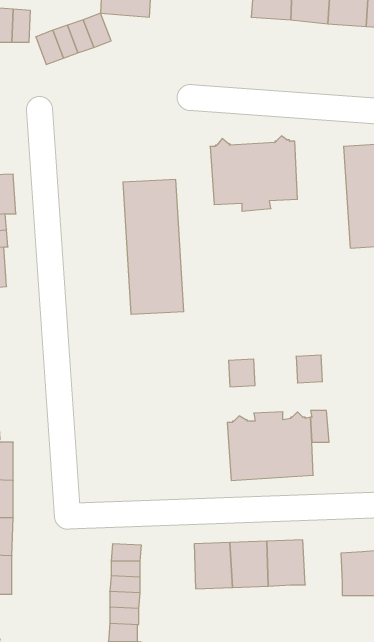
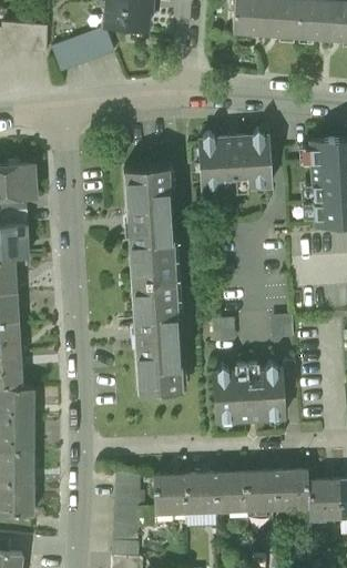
building: none -> [131,278,182,393]
building: none -> [275,469,308,508]
building: none -> [153,474,185,511]

